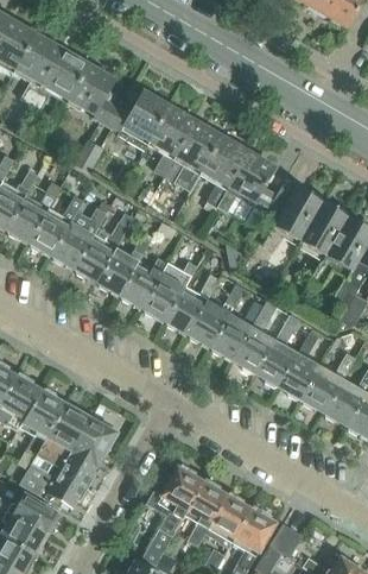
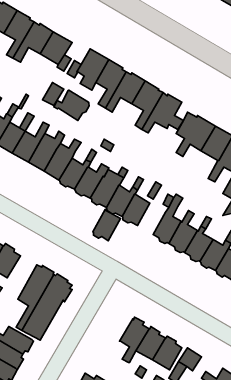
building: none -> [54,90,89,121]
building: [211,314,252,359] -> [93,210,121,241]
building: [21,390,65,440] -> none
building: [142,465,204,564] -> none

